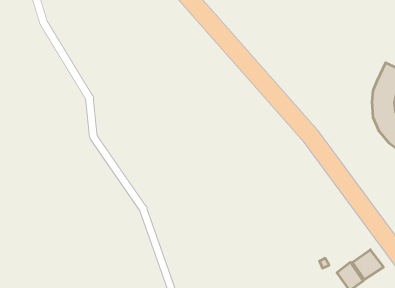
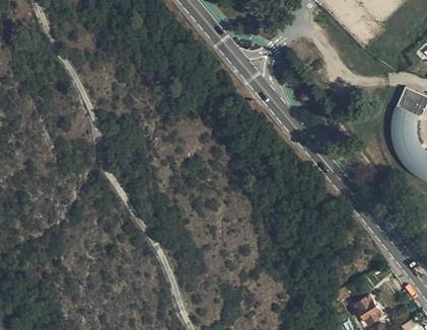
building: [353,250,383,279] -> none

